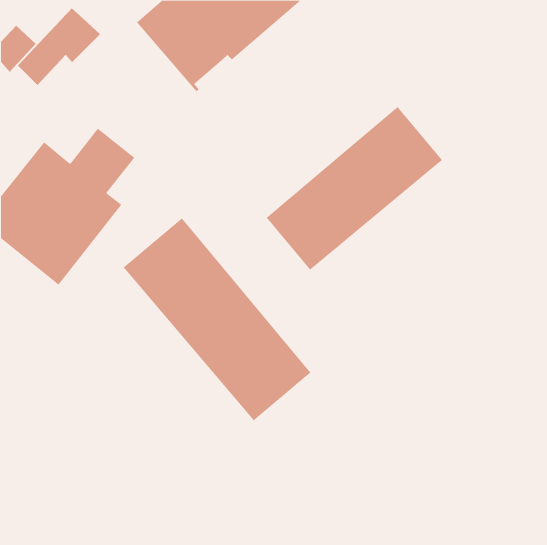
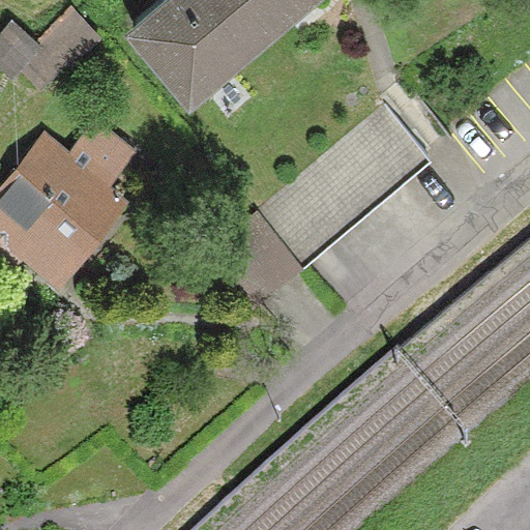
building: [123,218,311,421] -> none

